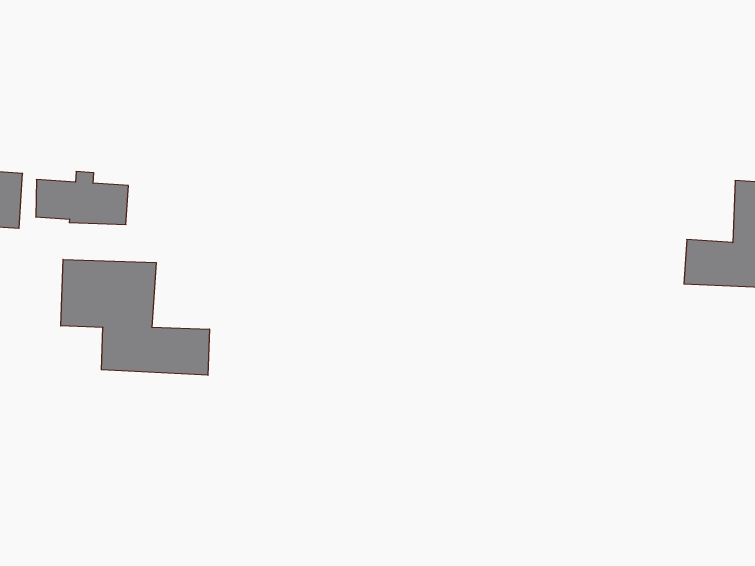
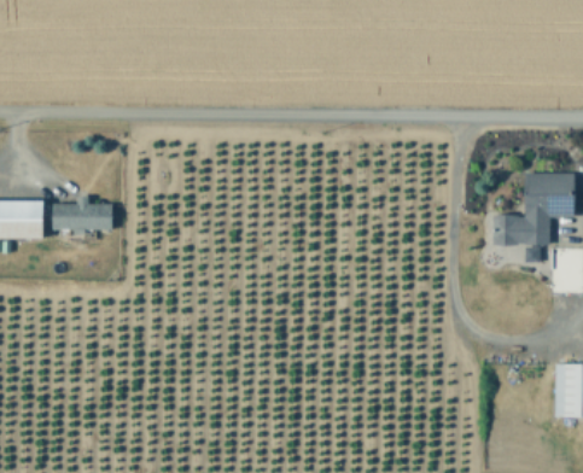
building: [61,259,209,375] -> none

